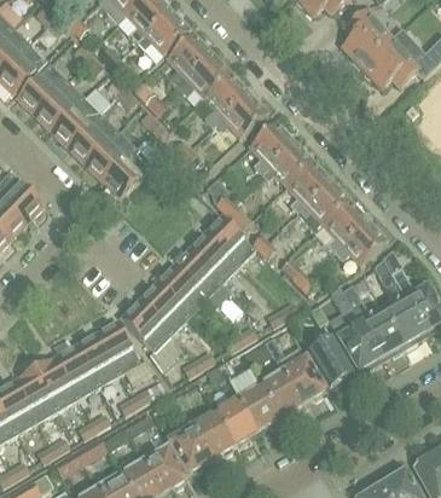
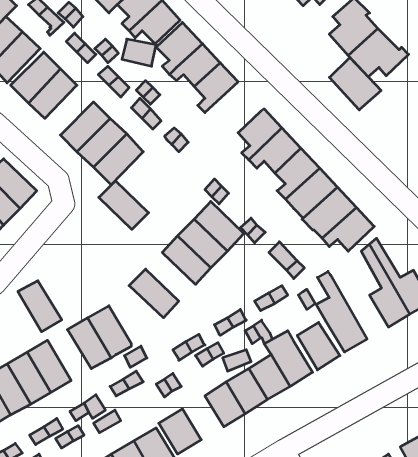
building: none -> [329,57,381,110]
building: [214,92,267,137] -> none
building: [51,95,100,146] -> none
building: [153,266,204,315] -> [99,181,149,229]
building: [342,283,401,354] -> none
building: [120,300,172,351] -> none
building: [53,344,98,396] -> [18,281,62,332]
building: [191,412,233,457] -> none

